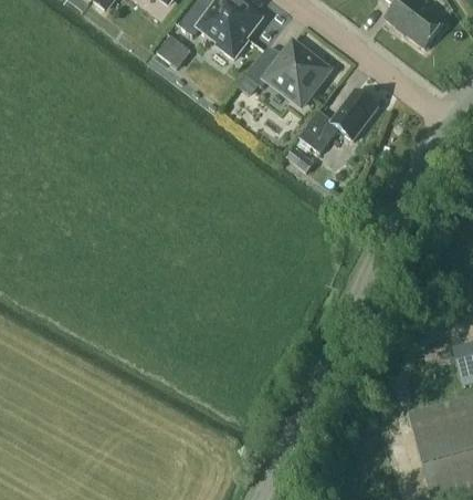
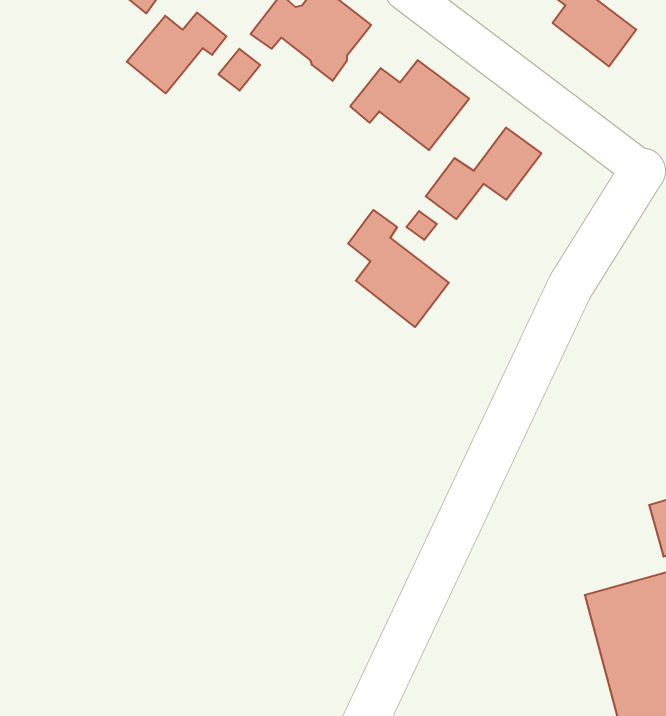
building: none -> [127,13,226,93]
building: none -> [348,210,449,327]

